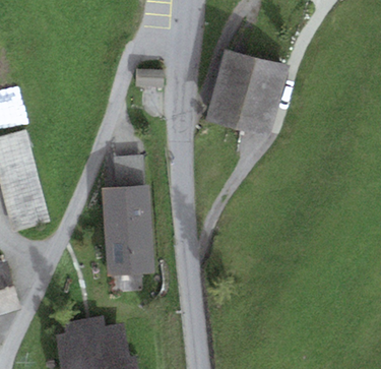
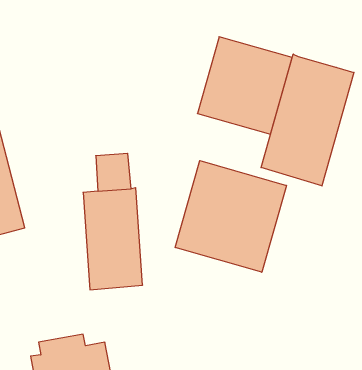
building: none -> [261,54,354,186]
building: none -> [175,161,286,272]

